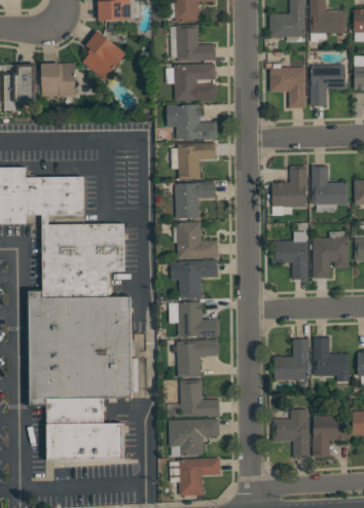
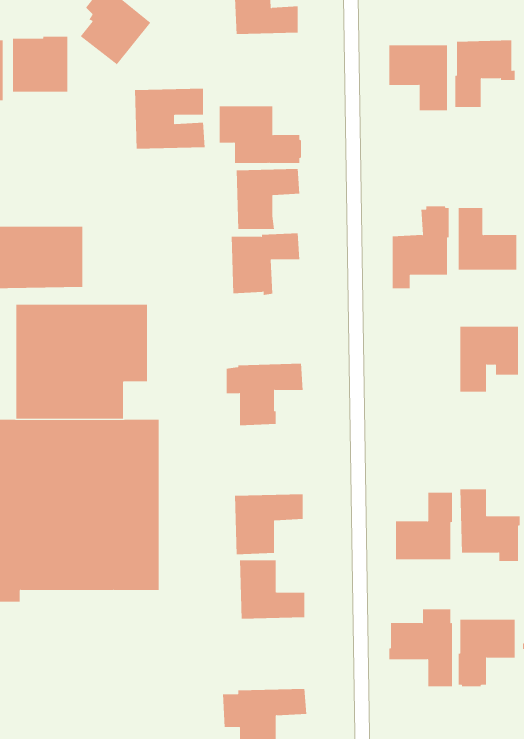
building: [173,63,216,100] -> [134,88,205,149]
building: [176,221,218,258] -> none
building: [269,240,307,279] -> none
building: [177,301,219,336] -> none
building: [46,398,122,460] -> none
building: [168,419,219,456] -> none

